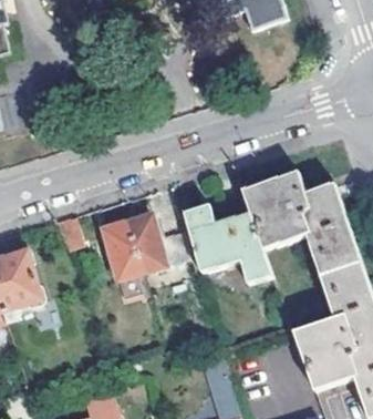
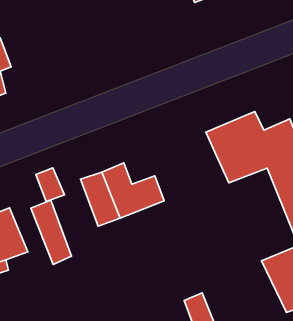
building: [184,204,273,284] -> none
building: none -> [31,200,72,264]

